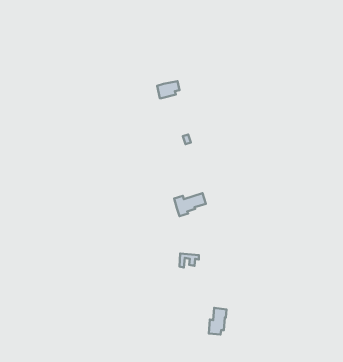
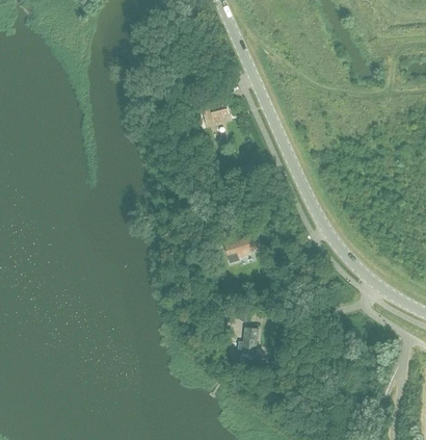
building: [209,308,227,334] -> [239,327,260,358]

